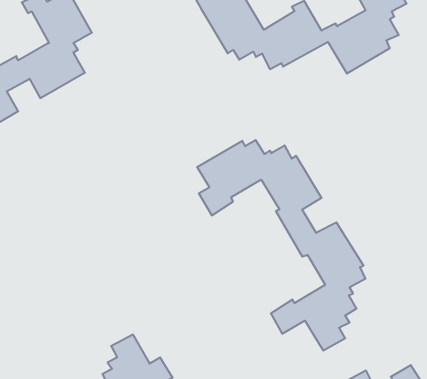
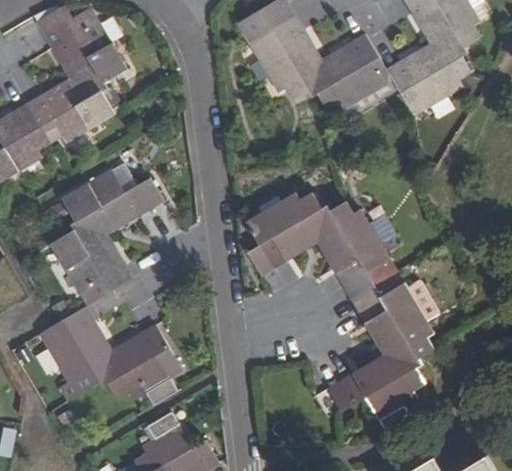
building: none -> [50,172,160,292]
building: none -> [39,306,179,403]

